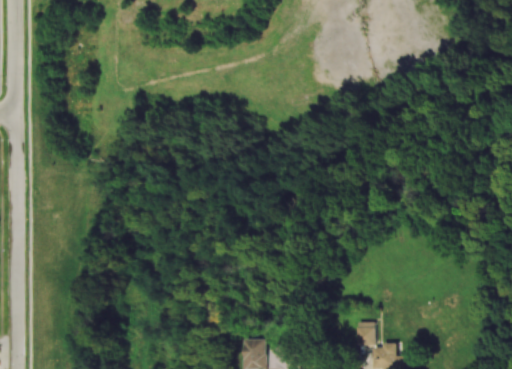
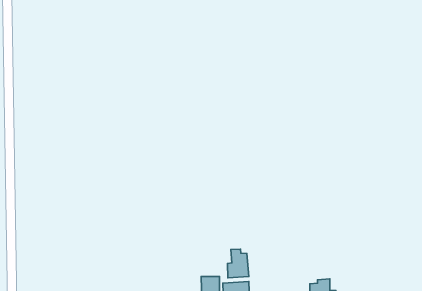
building: none -> [227,249,249,278]
building: [356,322,375,345] -> none

